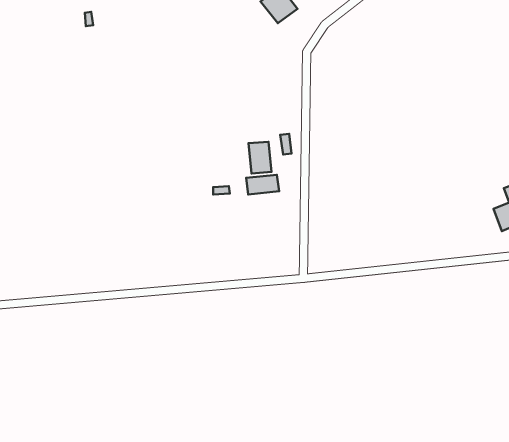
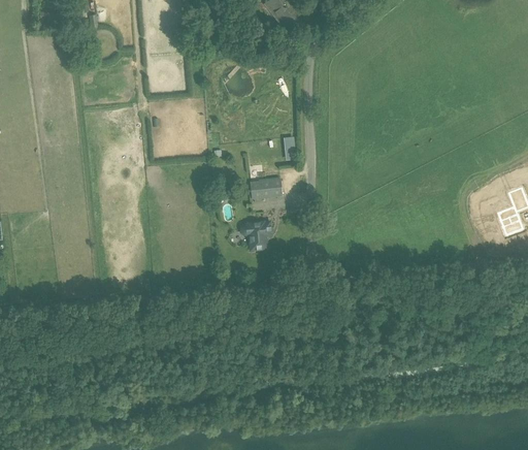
building: [248,142,271,174] -> none
building: none -> [241,220,270,249]

